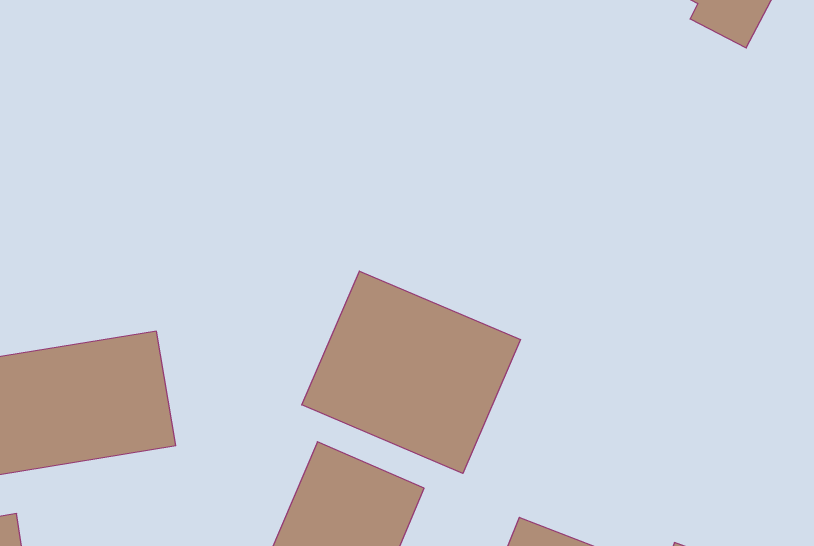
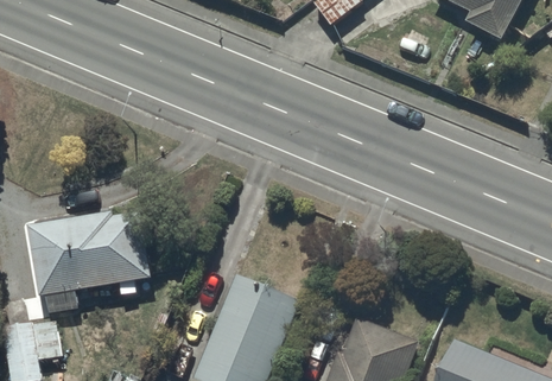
building: [302,271,521,473] -> none

